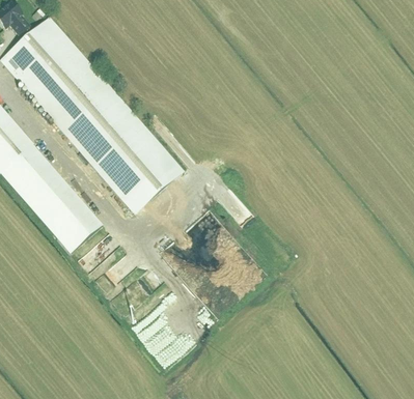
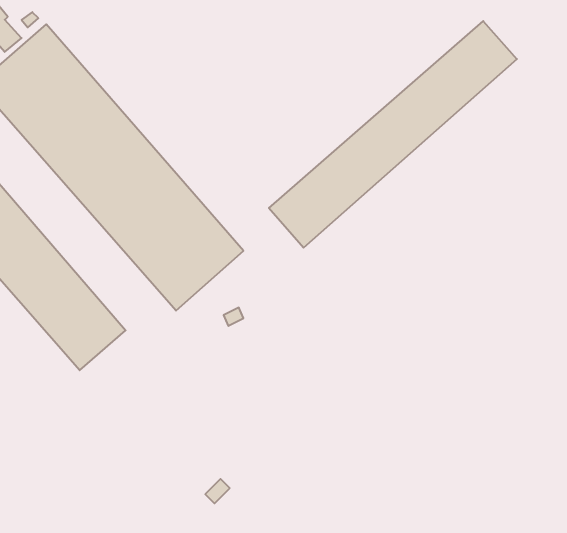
building: none -> [269,21,517,248]

